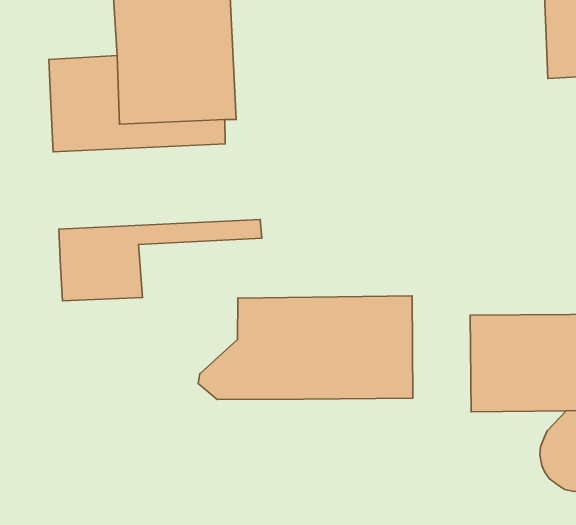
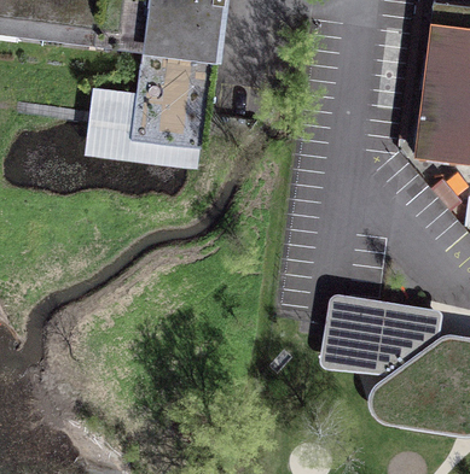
building: [59,219,262,301] -> none
building: [198,296,413,400] -> none

